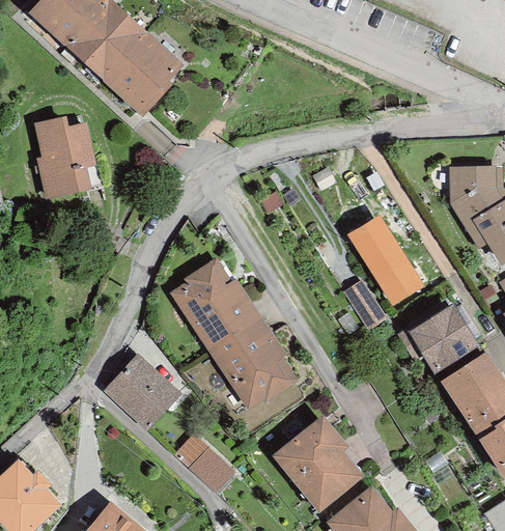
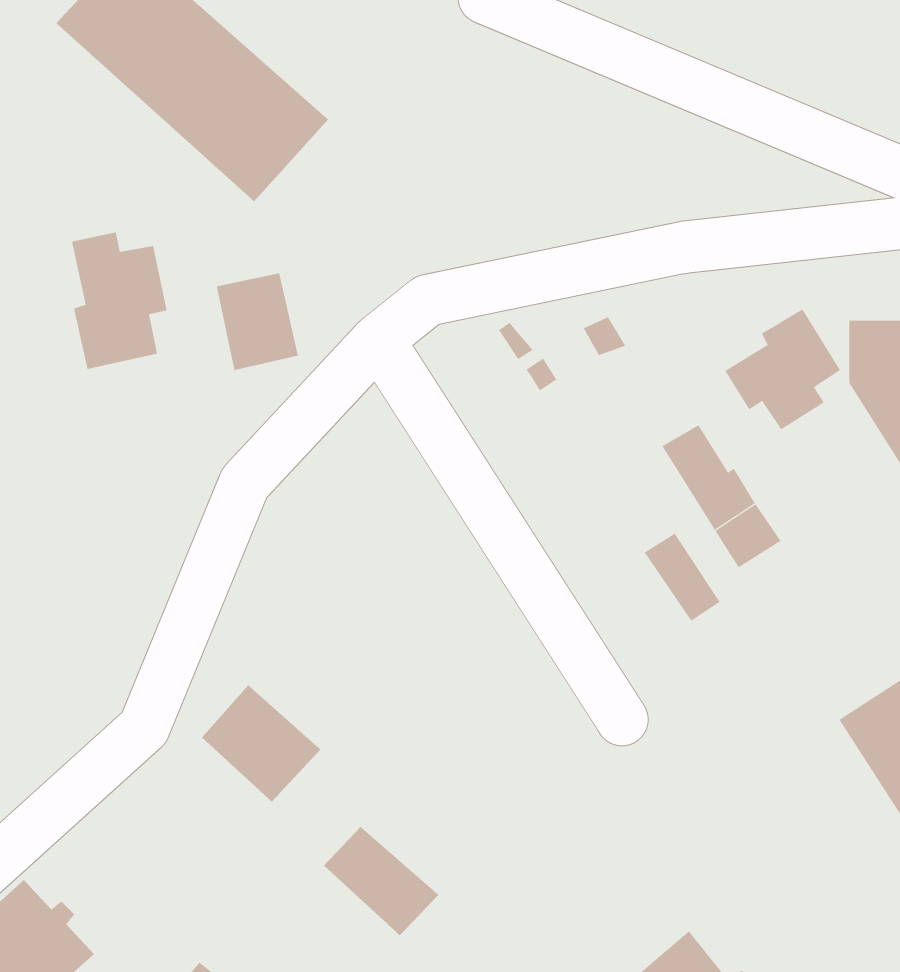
building: none -> [216,273,298,371]
building: none -> [725,308,841,430]
building: [177,268,287,401] -> none
building: [412,307,475,369] -> none
building: [278,420,357,506] -> none

